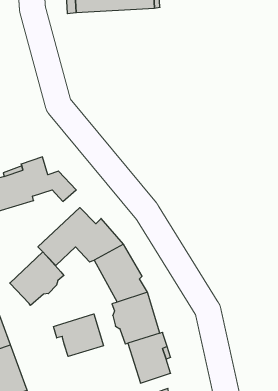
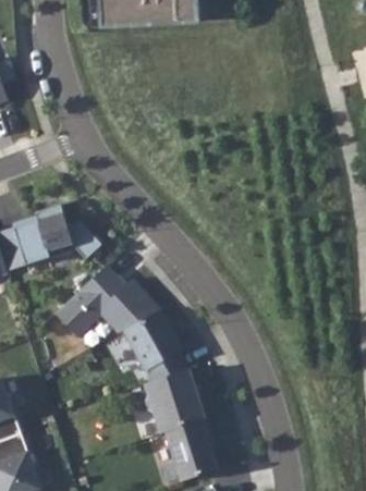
building: [10,252,64,305] -> none
building: [53,314,104,356] -> none

